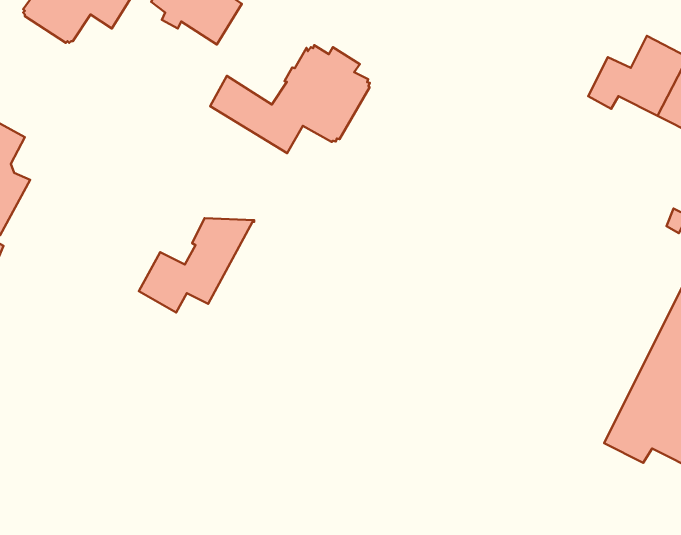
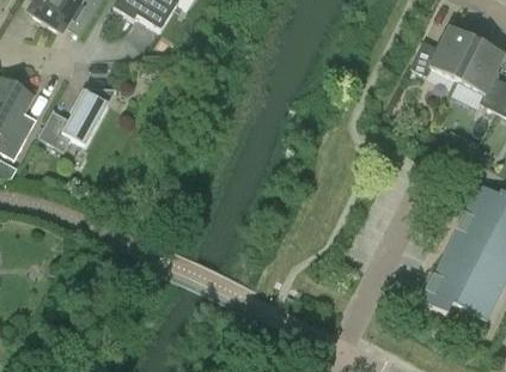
building: [210,45,370,153] -> none
building: [139,218,254,313] -> [38,87,116,151]

